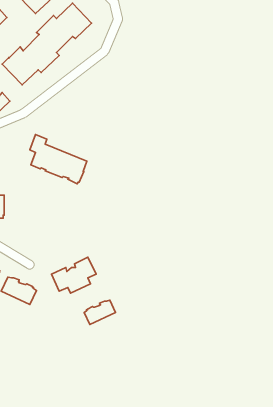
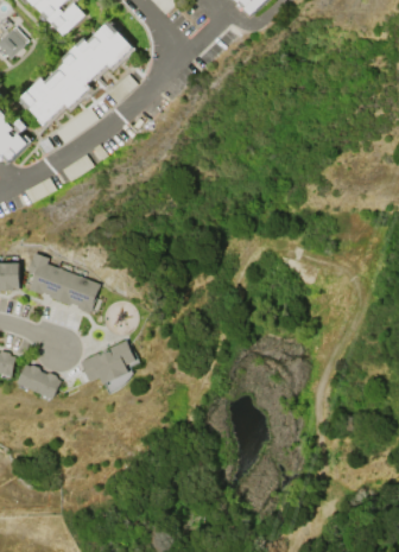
building: [30,135,87,184] -> [28,252,100,313]
building: [84,300,116,325] -> none

